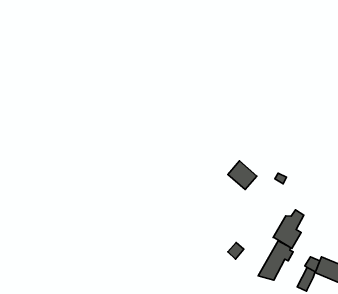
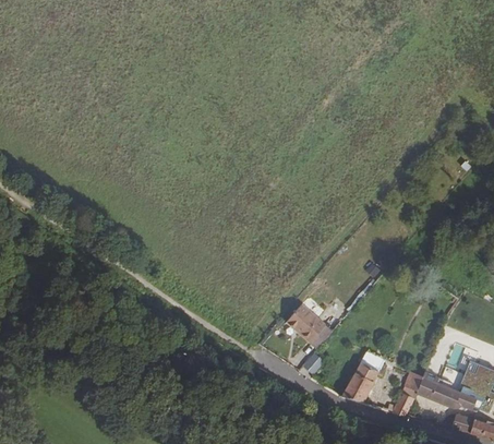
building: [228,161,257,189] -> [289,305,327,343]
building: [273,210,304,248] -> none

